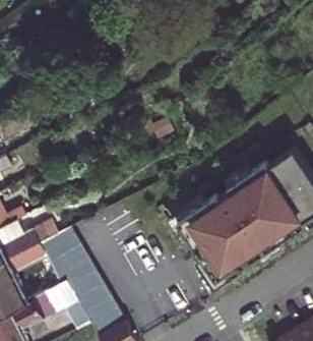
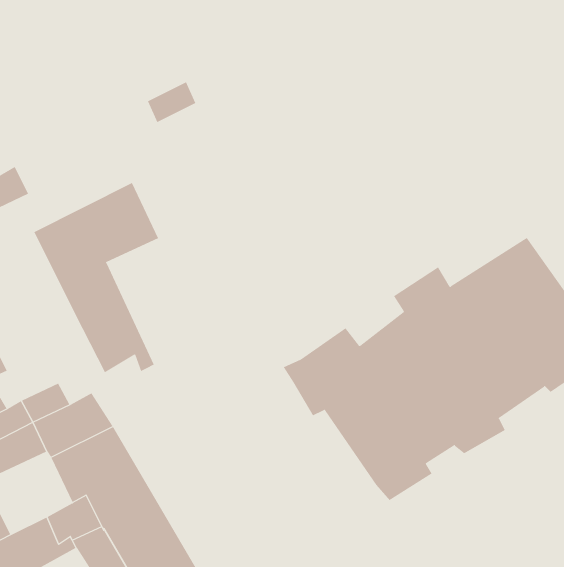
building: none -> [34,182,159,373]

